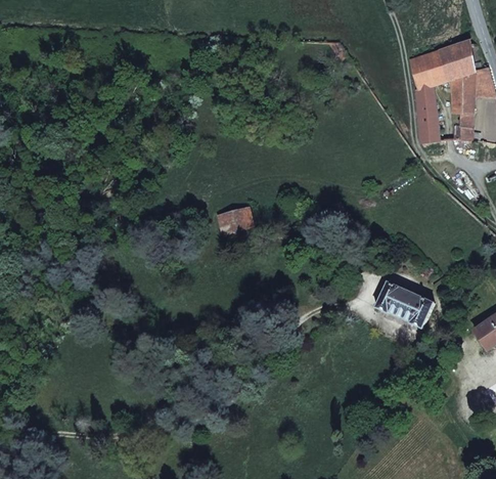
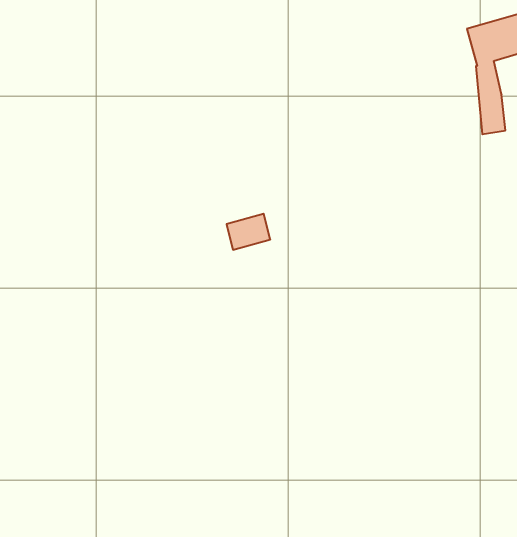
building: [376,281,433,326] -> none

